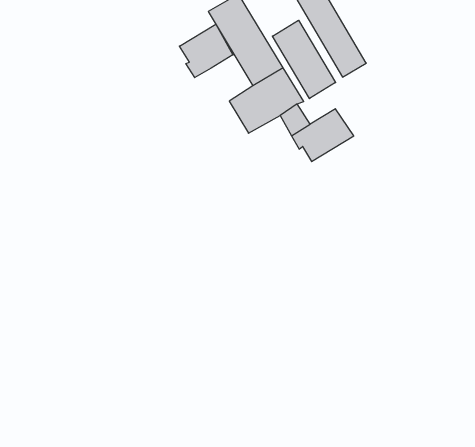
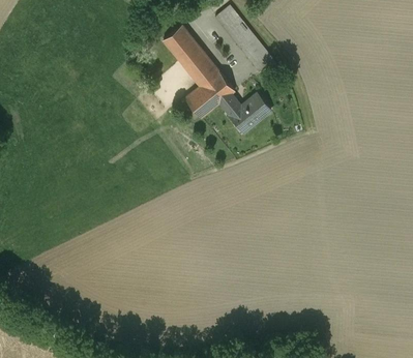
building: [272,20,336,99] -> none
building: [179,24,233,78] -> none

